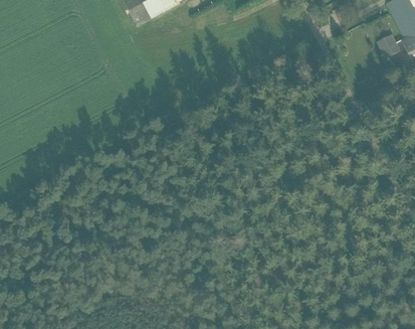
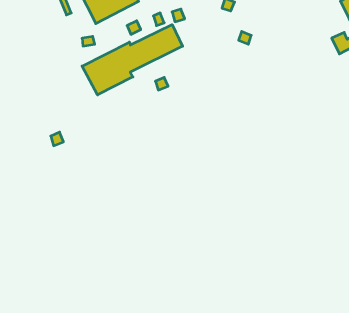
building: none -> [82,25,183,95]

